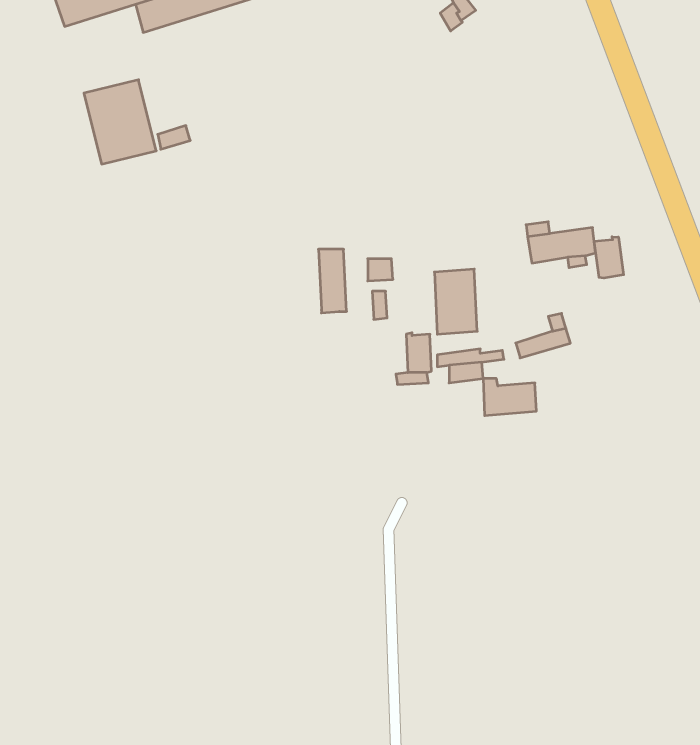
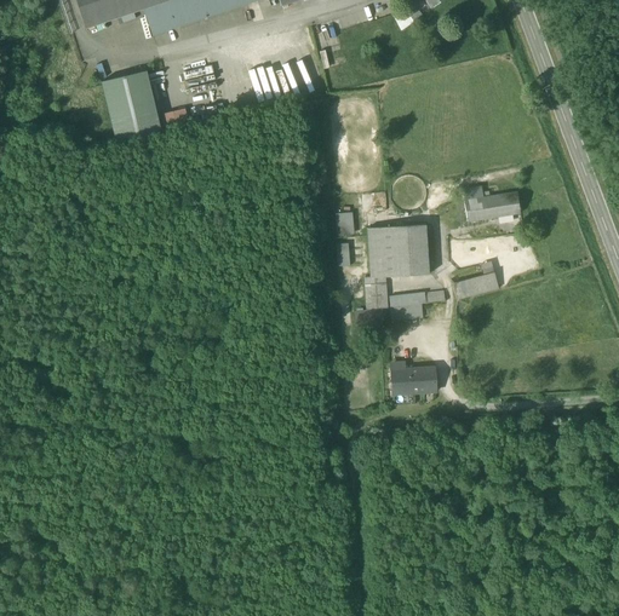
building: [594,237,624,278] -> none
building: [318,249,347,313] -> [368,228,391,280]
building: [483,379,536,416] -> [391,367,435,397]

